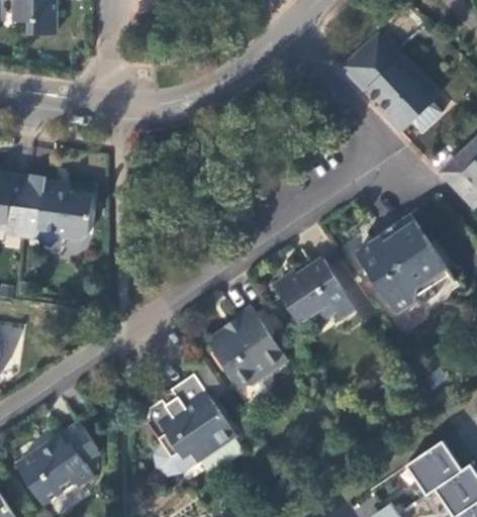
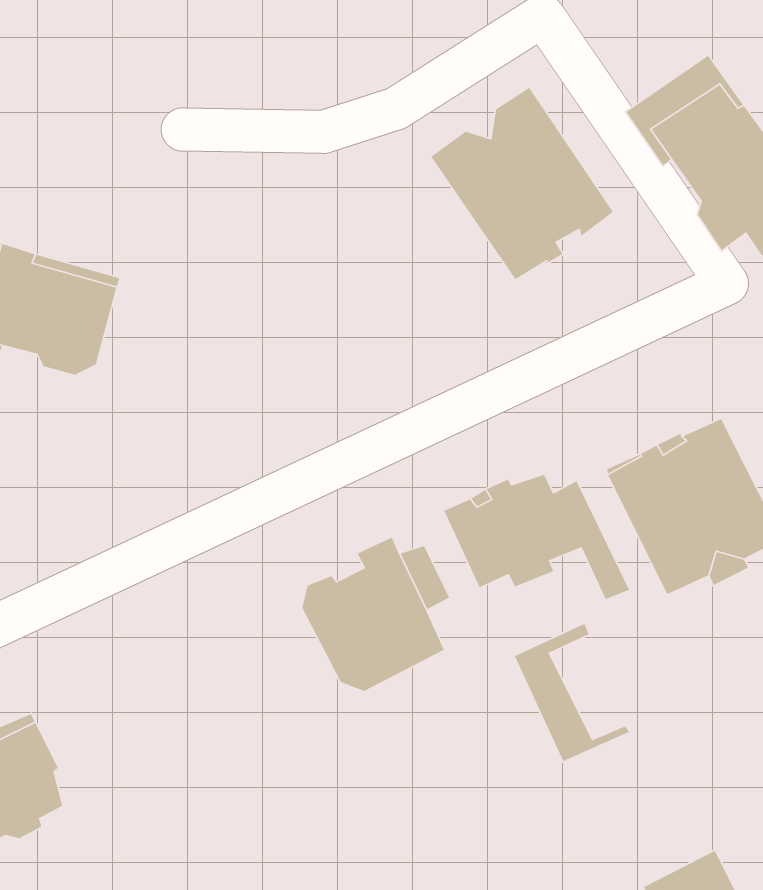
building: none -> [430,87,614,280]
building: none -> [514,623,630,762]
building: [139,361,232,476] -> none

